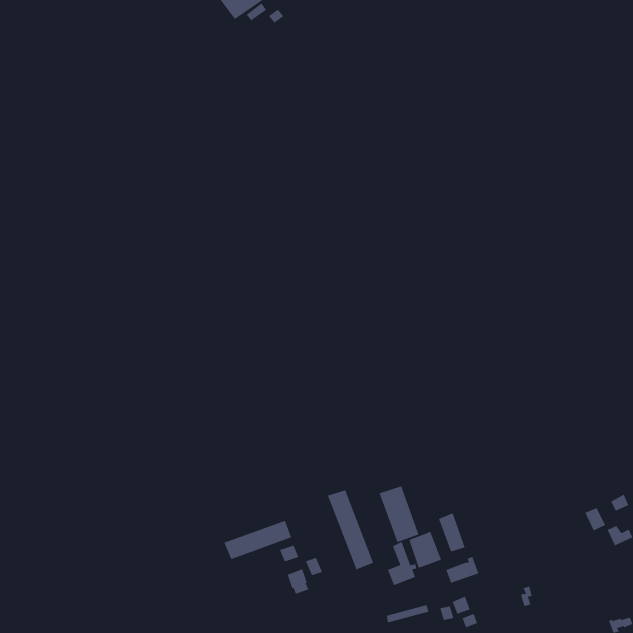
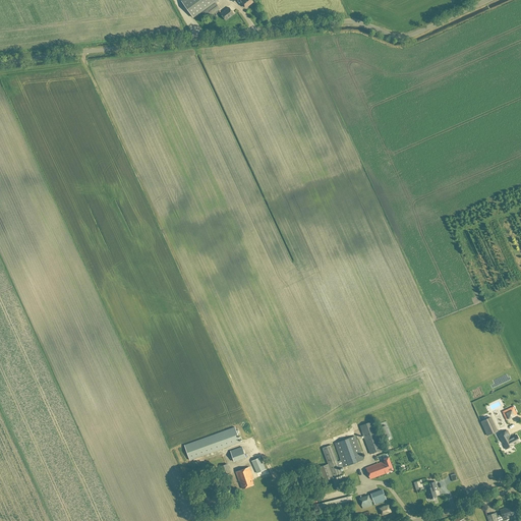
building: [379,485,419,543] -> none
building: [327,489,374,570] -> none

